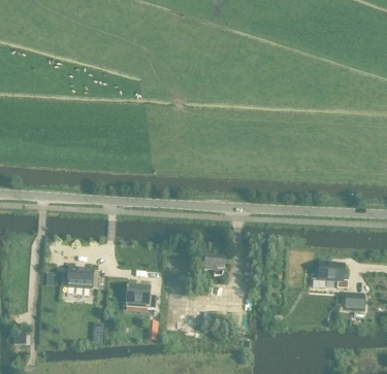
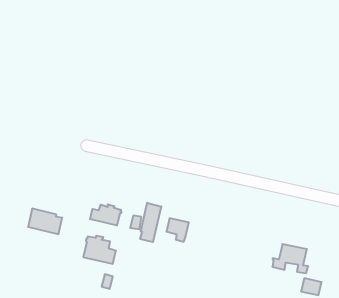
building: none -> [140,203,161,242]
building: none -> [90,204,121,226]

